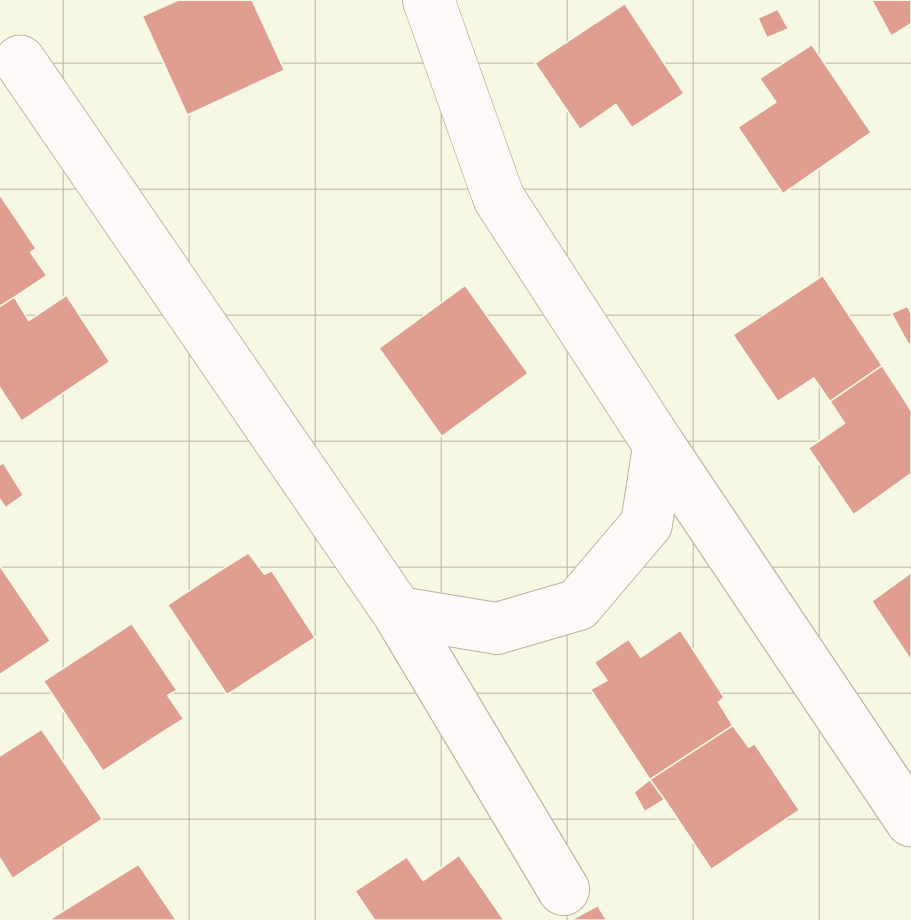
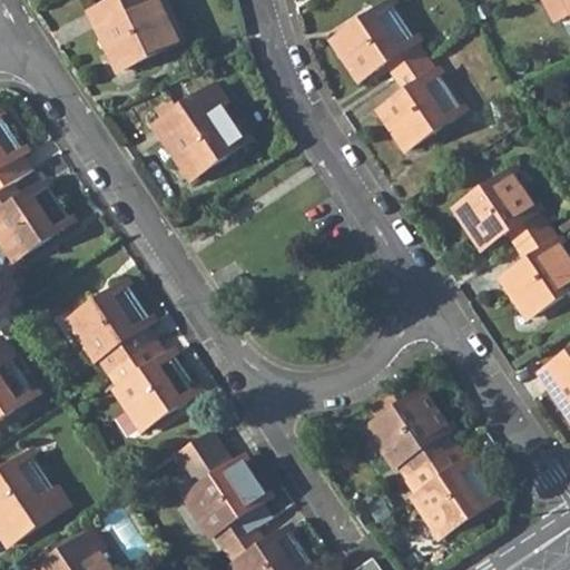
building: [738,44,871,194] -> [377,58,460,150]
building: [379,285,528,436] -> [153,82,245,176]
building: [43,623,184,771] -> [67,283,154,374]
building: none -> [170,432,268,551]

